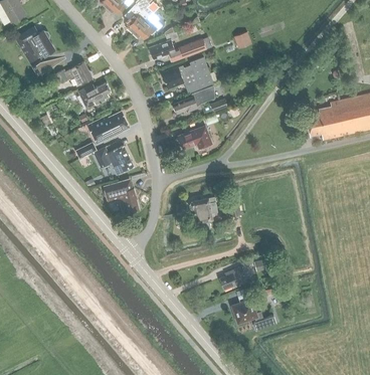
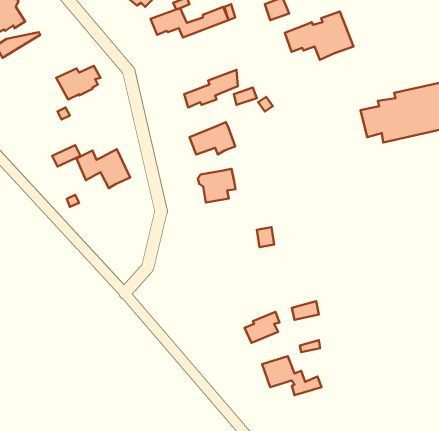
building: [162,57,213,93] -> [285,11,353,60]
building: [55,61,91,84] -> none
building: [87,112,129,143] -> none
building: [104,179,138,213] -> none
building: [189,197,217,222] -> [198,169,235,203]

